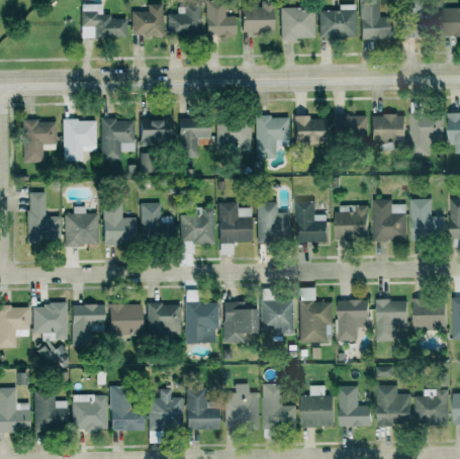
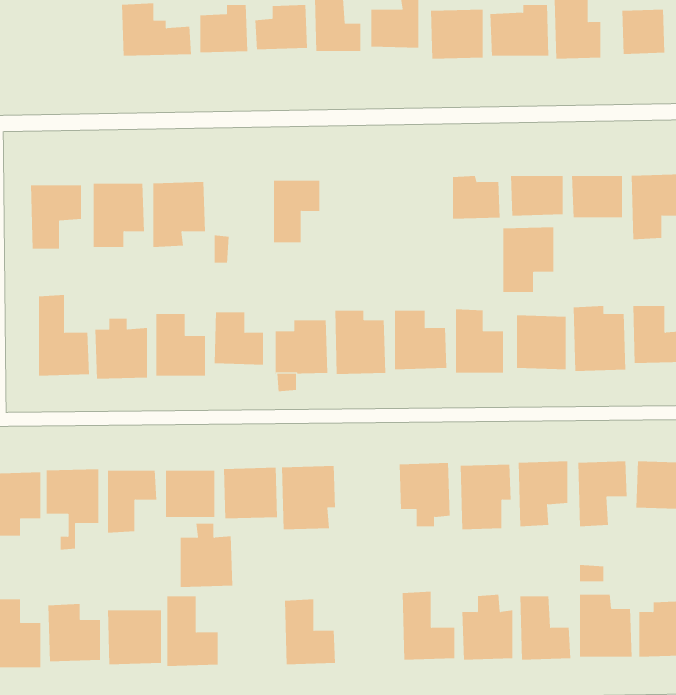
building: [256,116,289,159] -> [503,227,554,293]
building: [140,117,172,145] -> none
building: [216,120,252,152] -> none
building: [223,302,257,344] -> none
building: [224,384,259,429] -> none
building: [149,389,183,431] -> [180,523,233,587]

